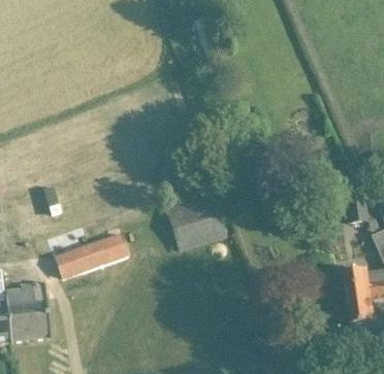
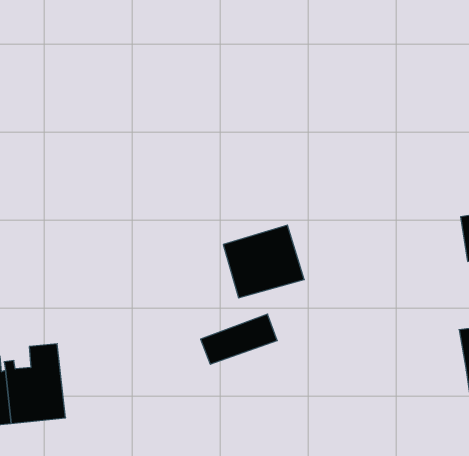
building: [68,234,125,271] -> [201,314,277,364]

